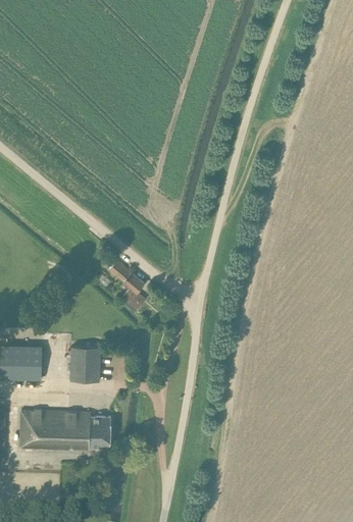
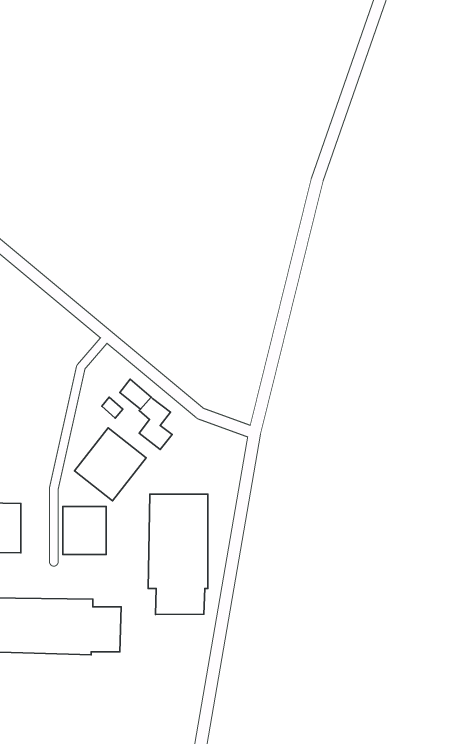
building: none -> [74,428,146,501]
building: none -> [148,494,208,615]

